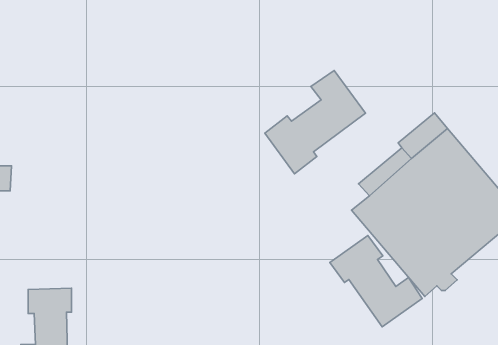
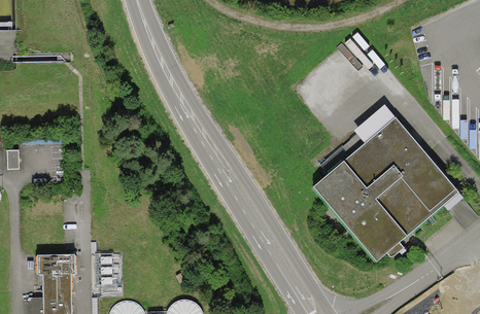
building: [265,70,366,174] -> none
building: [330,236,422,327] -> none

